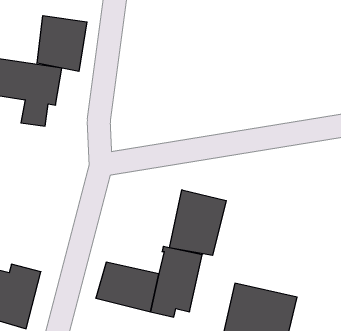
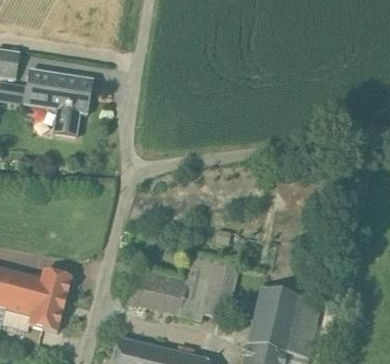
building: [37,16,87,71] -> none
building: [169,190,226,255] -> none

